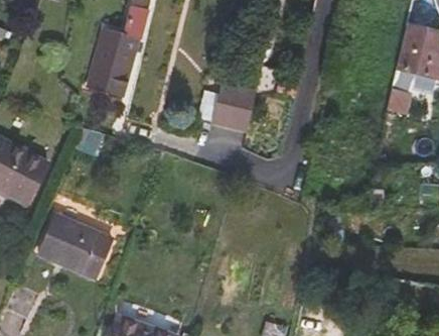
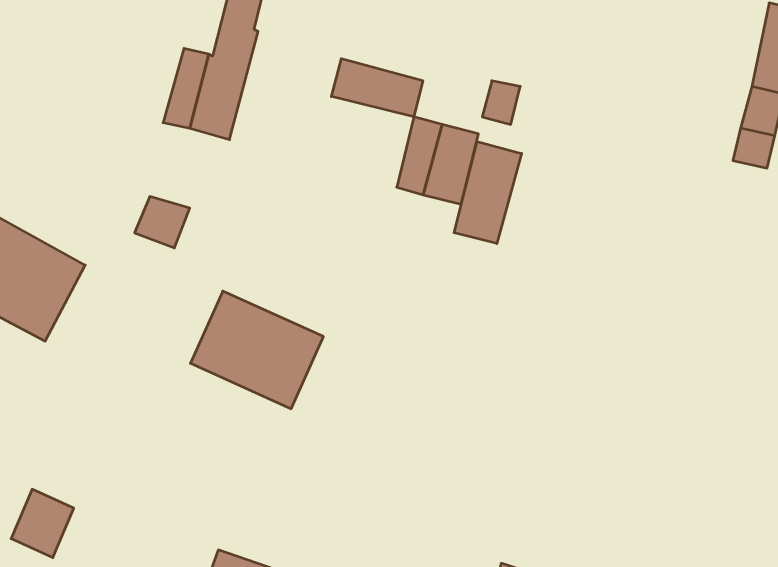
building: none -> [331,59,423,117]
building: none -> [454,141,522,244]
building: [39,215,110,277] -> [190,291,323,409]

